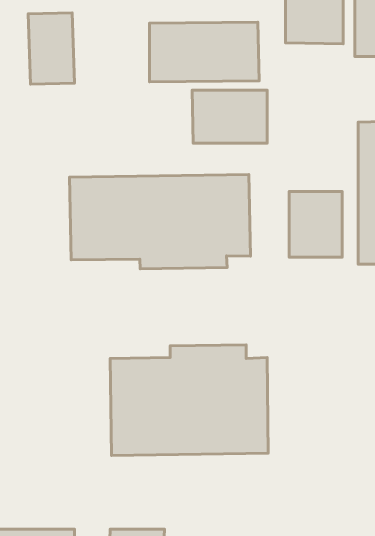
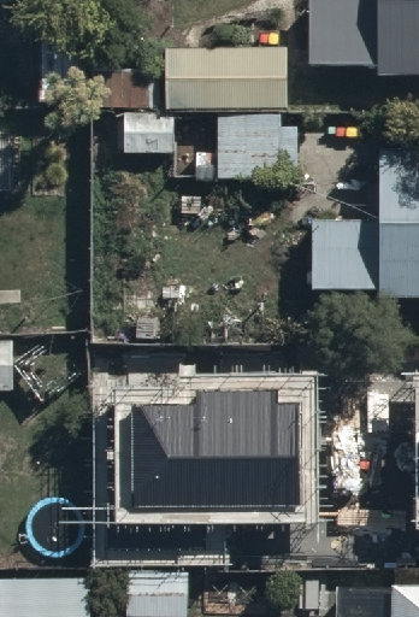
building: [70,175,250,269] -> none

